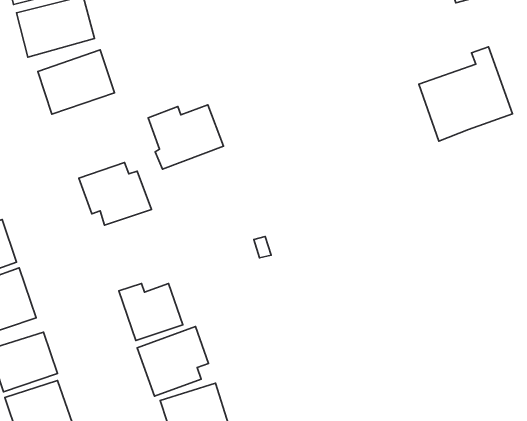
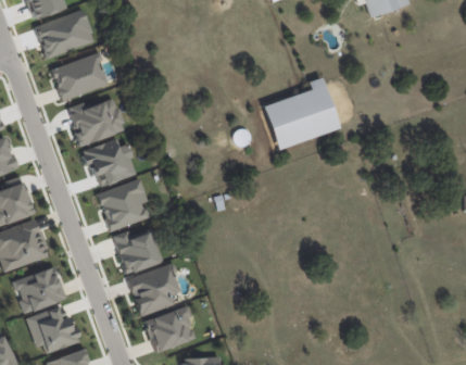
building: [419,47,513,141] -> [264,77,336,149]
building: [148,105,224,169] -> [68,98,126,147]
building: none -> [98,178,150,231]

